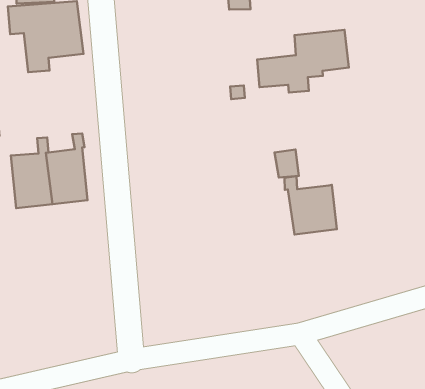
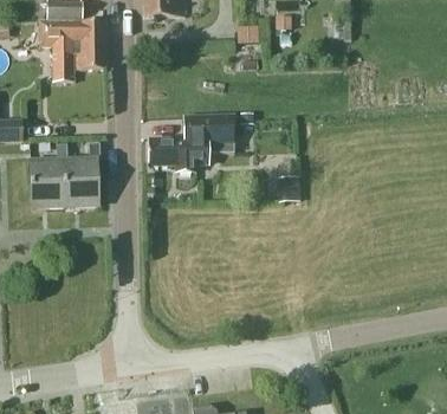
building: [257,30,349,92] -> [148,116,233,170]
building: [284,176,337,235] -> none

